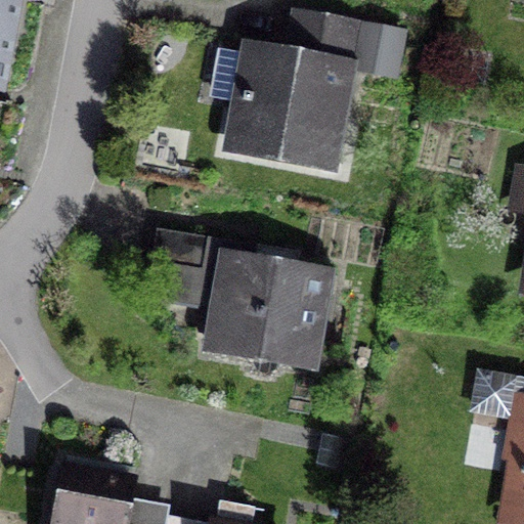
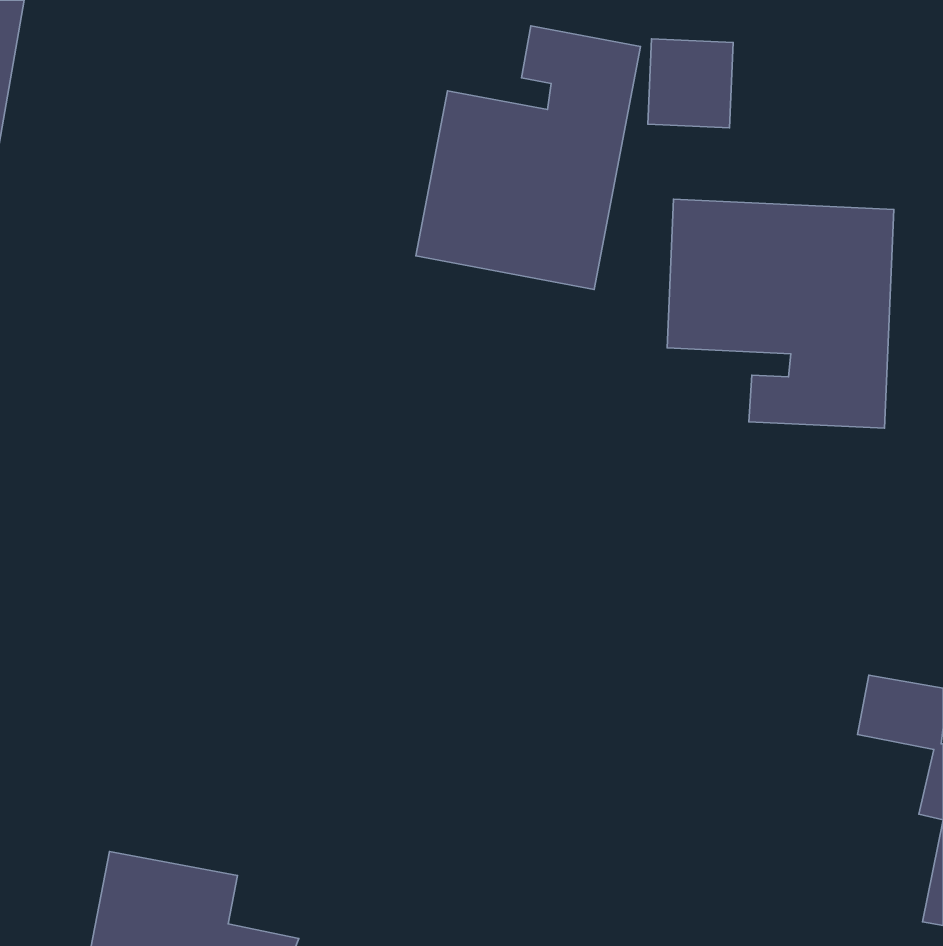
building: none -> [667,199,894,428]
building: [204,265,325,367] -> none

